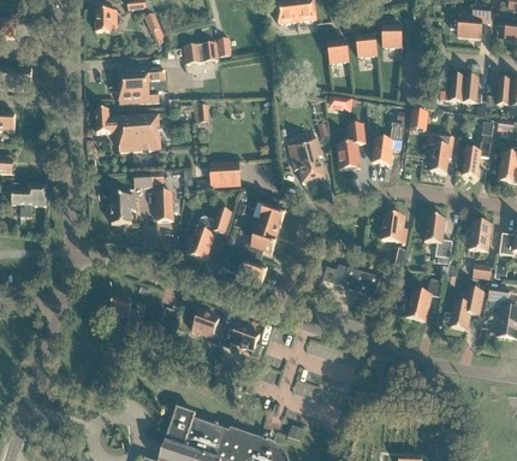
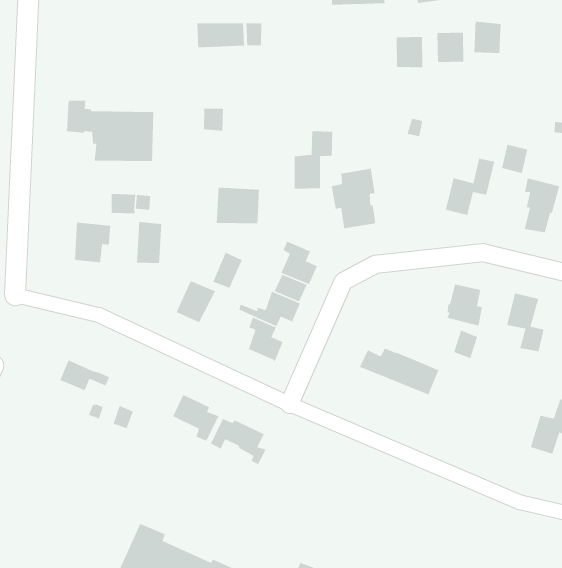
building: [119,65,165,104] -> none
building: [338,125,366,170] -> [294,131,333,190]
building: [406,283,442,321] -> none

